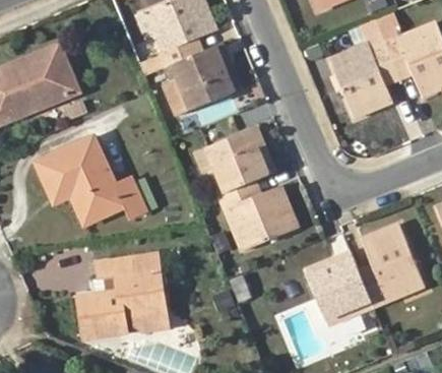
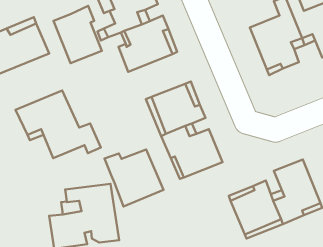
building: none -> [53,6,102,63]
building: none -> [105,150,163,206]

